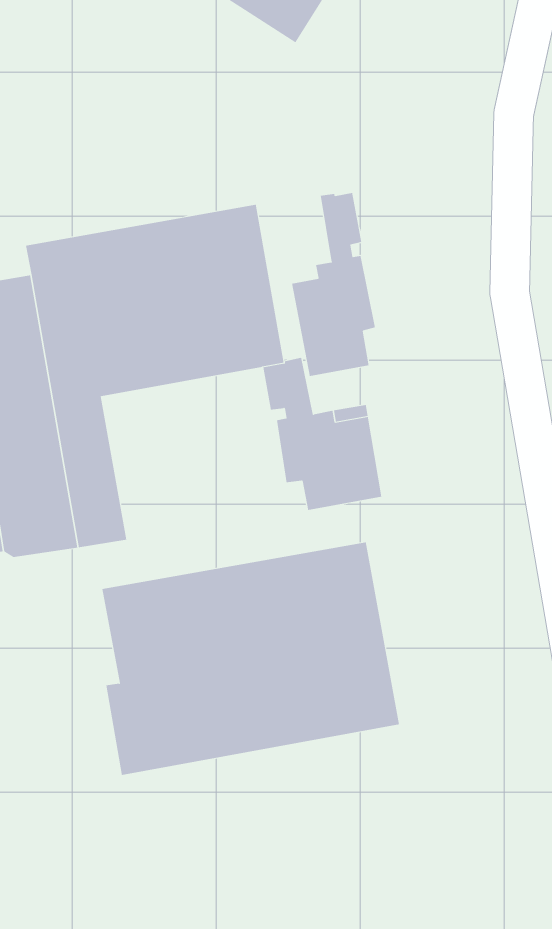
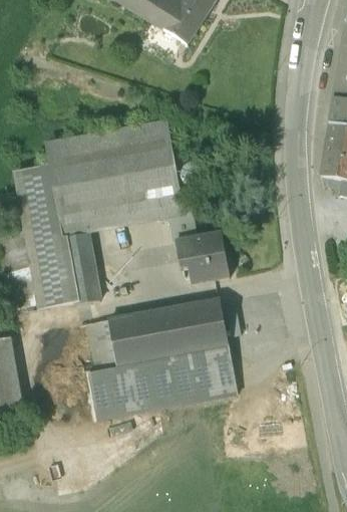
building: [291,192,376,377] -> none

